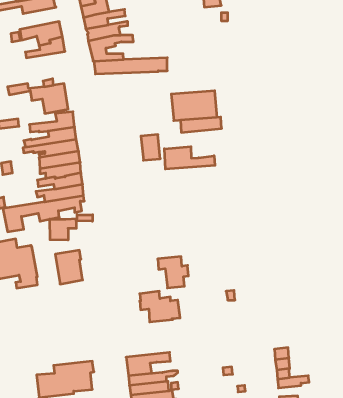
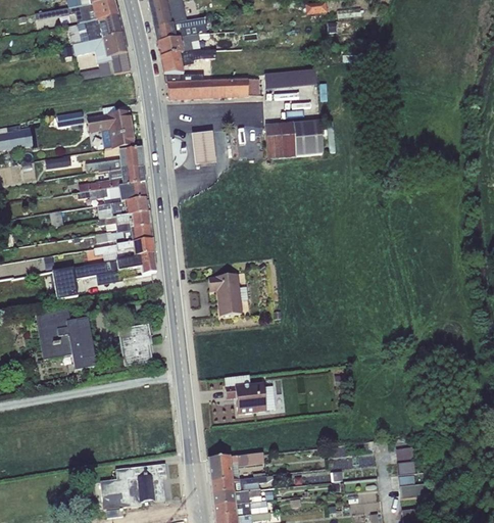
building: none -> [67,14,122,43]
building: [180,117,222,132] -> [264,69,316,89]
building: [141,135,160,160] -> [191,134,215,167]
building: [164,147,215,169] -> none
building: [50,215,93,240] -> none
building: [158,257,188,288] -> [208,275,247,315]

